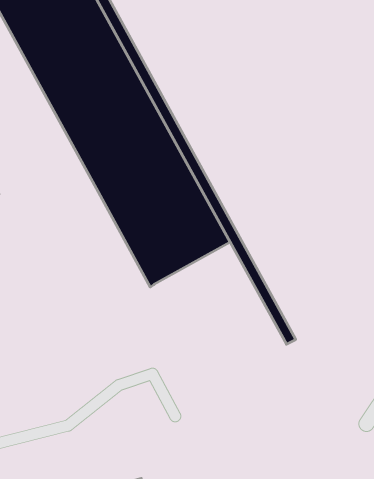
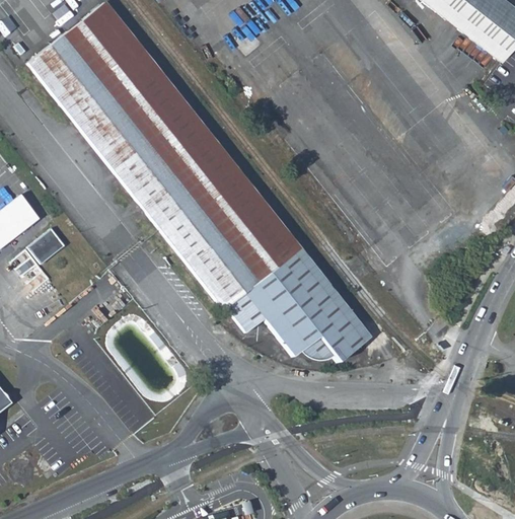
building: none -> [228,253,364,361]

